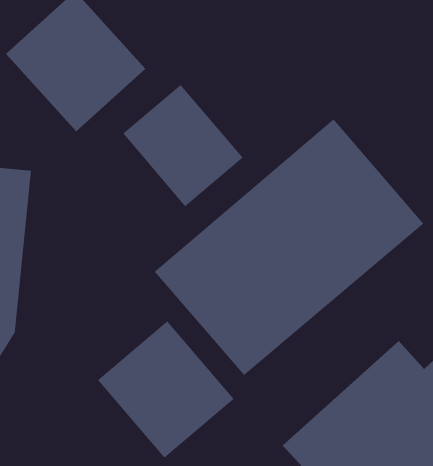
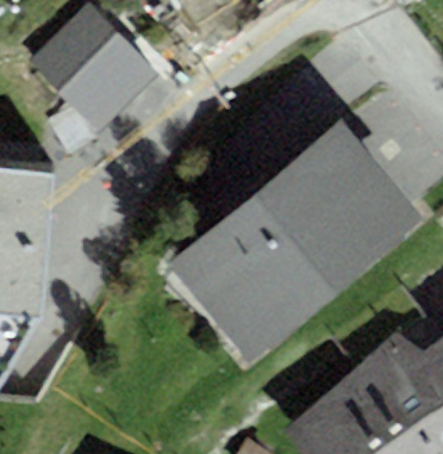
building: [122,84,243,207] -> none
building: [97,320,235,459] -> none

